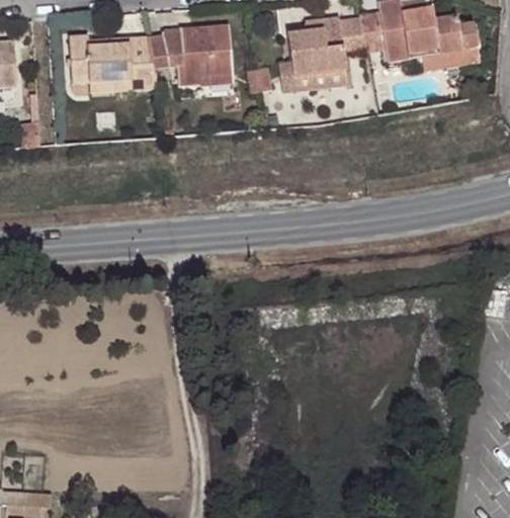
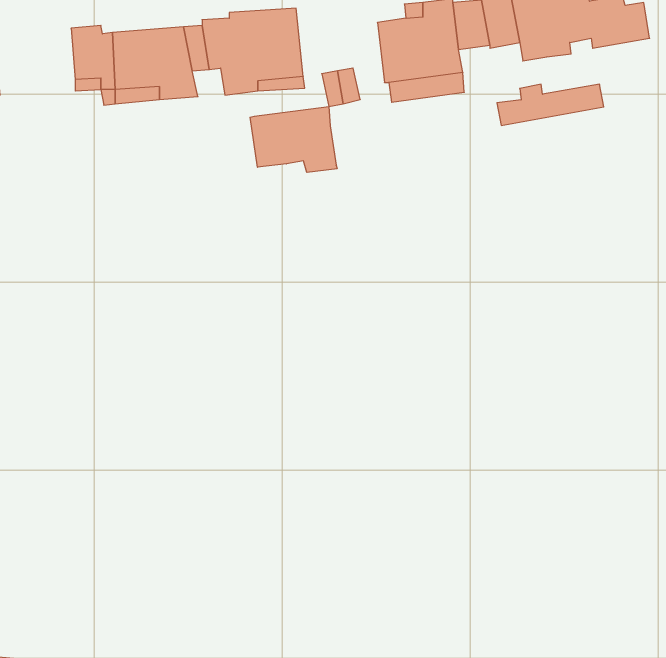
building: [405,45,481,74] -> [497,84,604,125]
building: none -> [250,107,337,172]

